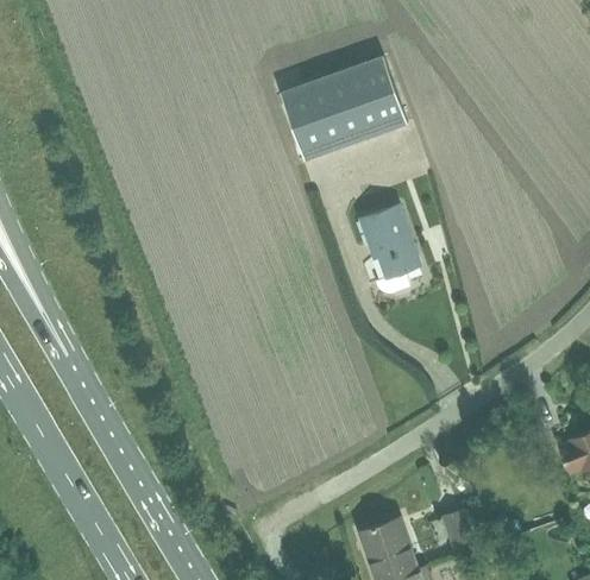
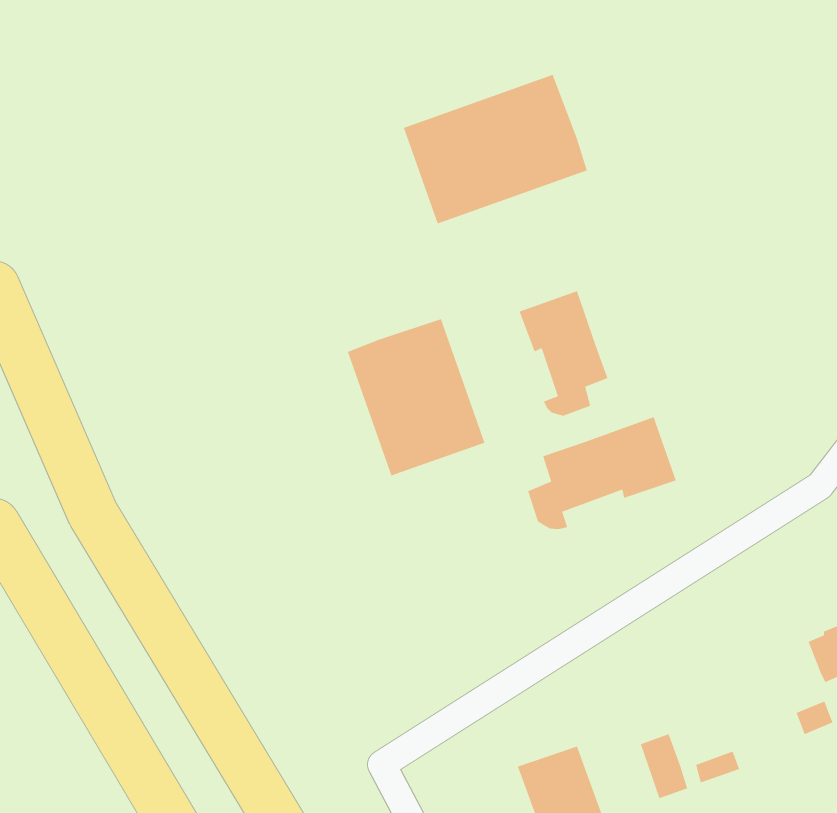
building: none -> [347,318,485,476]
building: none -> [527,416,677,530]

